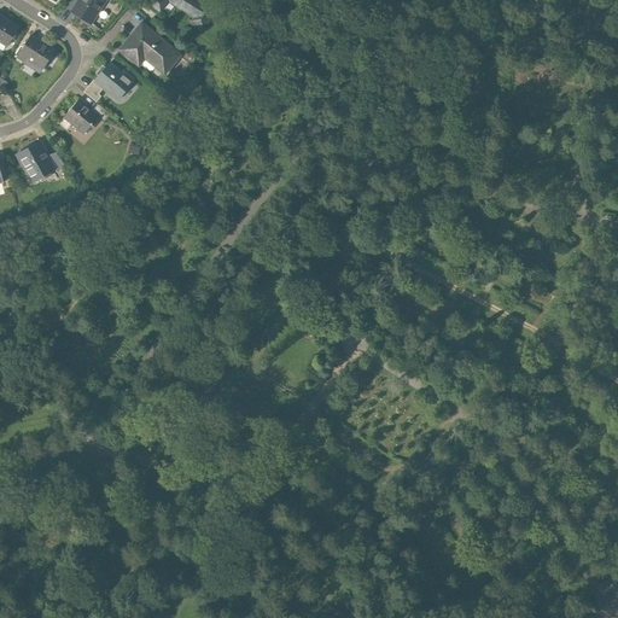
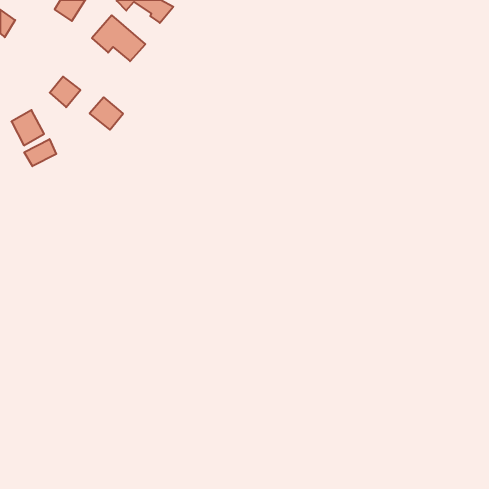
building: [14,33,56,74] -> none
building: [92,60,134,101] -> [90,97,123,130]
building: none -> [24,139,56,166]

